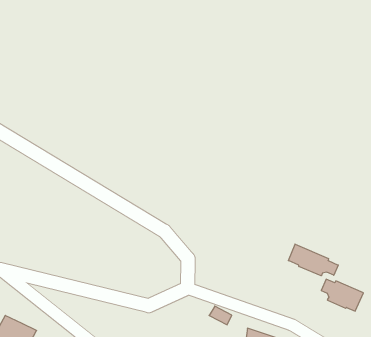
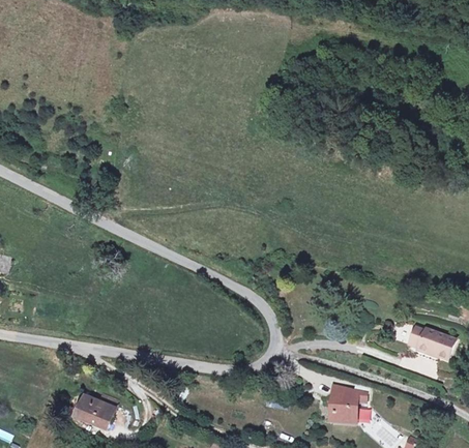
building: [288,244,338,276] -> none

